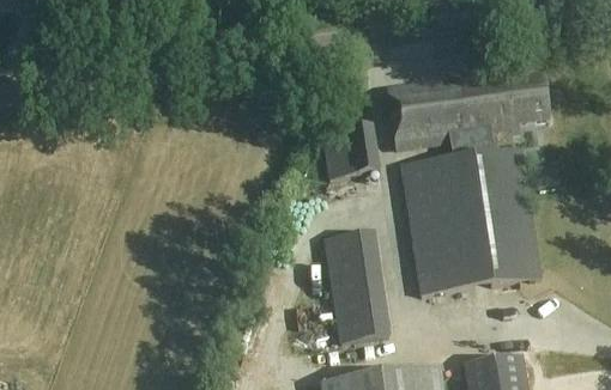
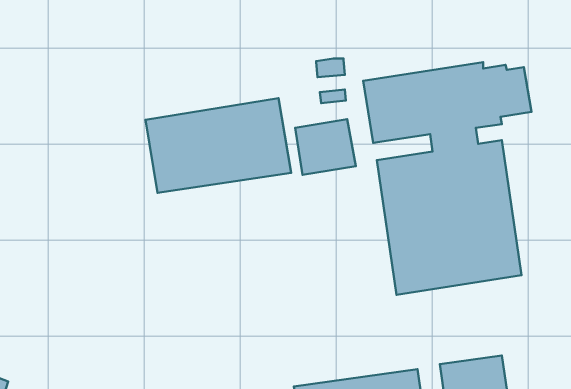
building: none -> [145,98,291,193]
building: [323,230,391,341] -> none

